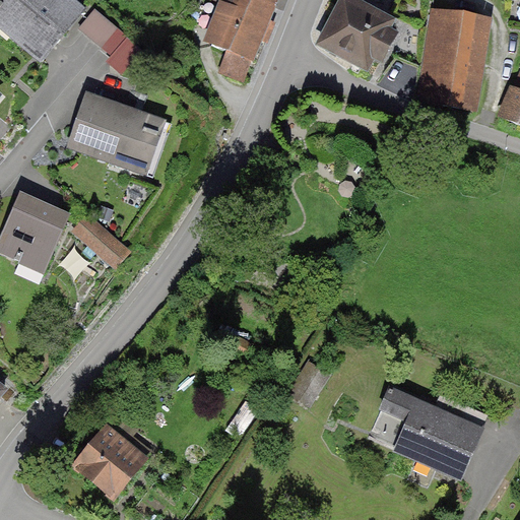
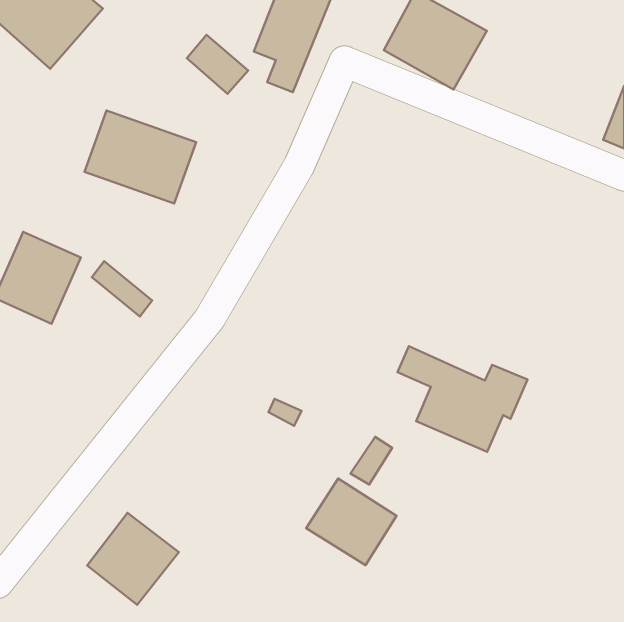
building: [77,6,128,55] -> [187,35,248,94]
building: [418,9,490,106] -> none
building: [380,385,488,472] -> [398,346,528,452]
building: none -> [306,478,397,565]

